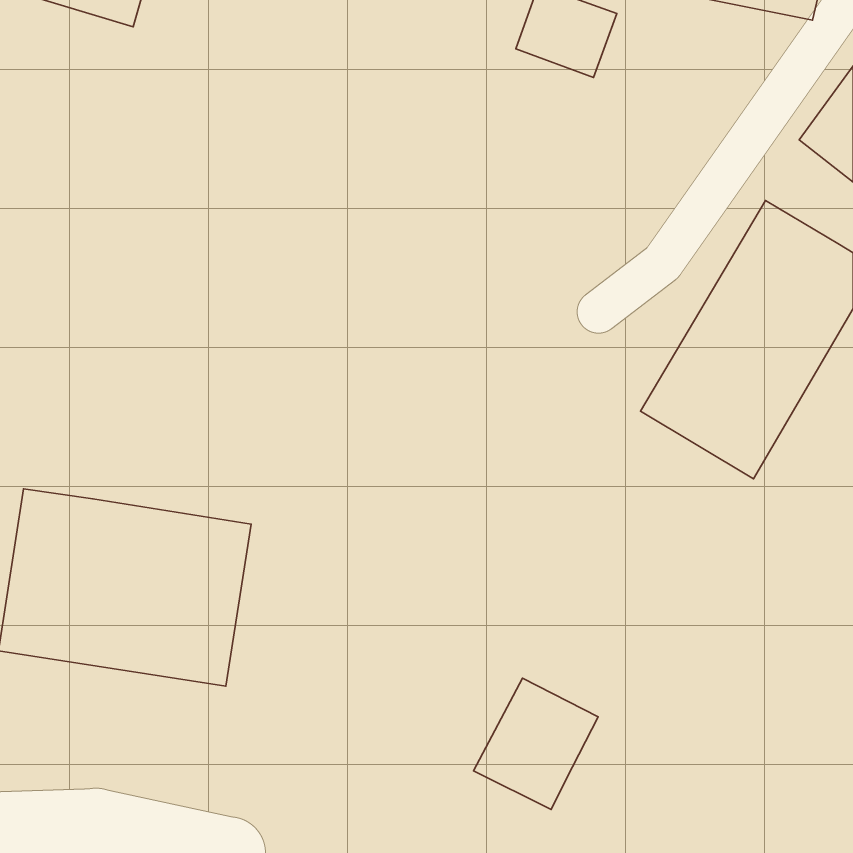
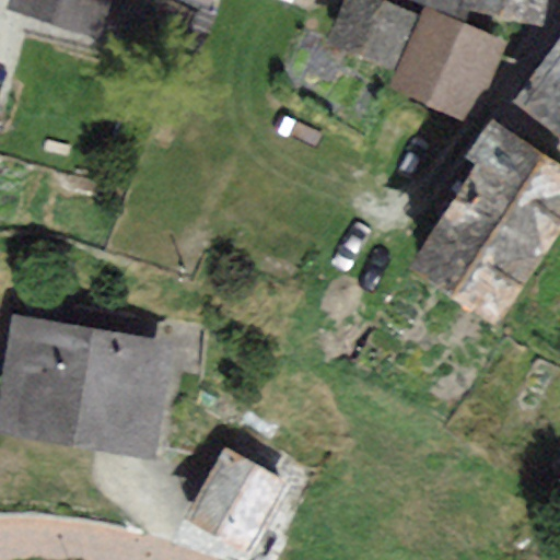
building: none -> [397,10,492,108]
building: [473,678,598,810] -> [194,453,275,538]

